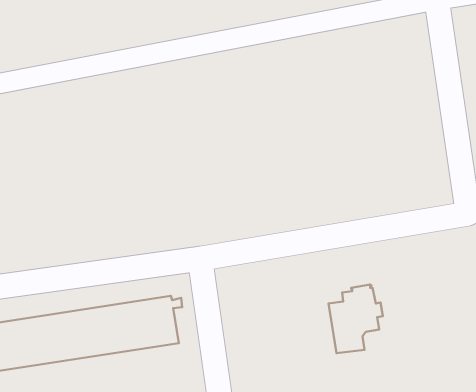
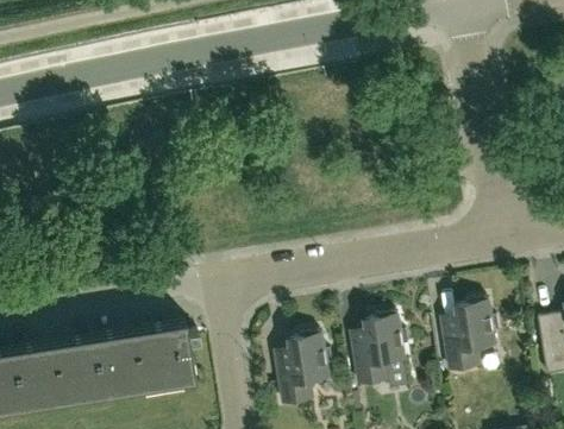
building: none -> [441,299,499,372]
building: none -> [275,333,332,405]

